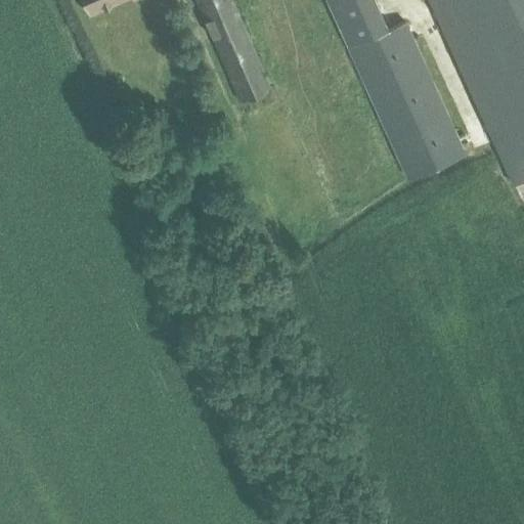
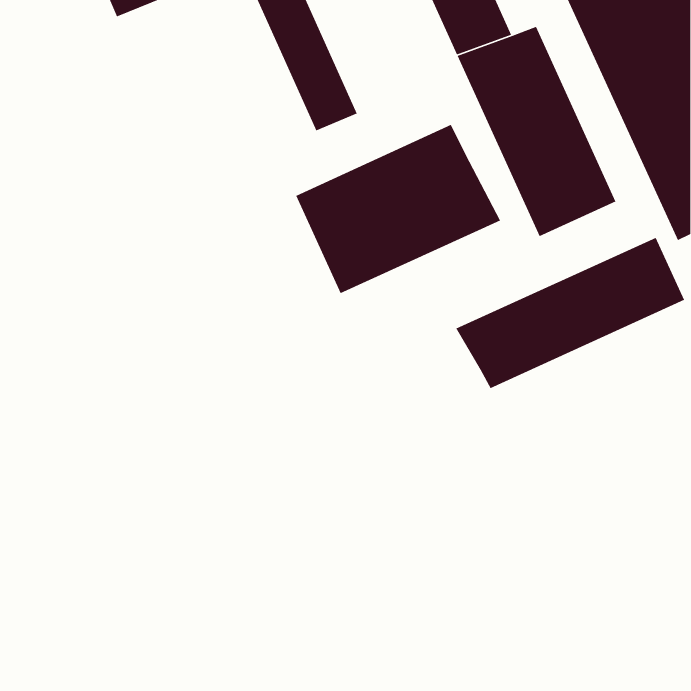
building: none -> [295,124,501,294]
building: none -> [455,237,685,389]

